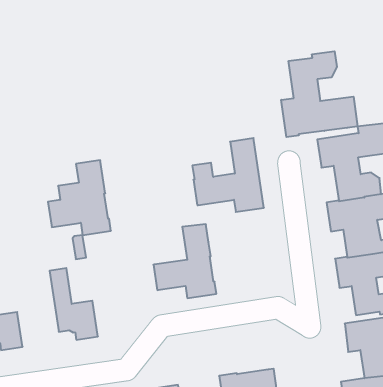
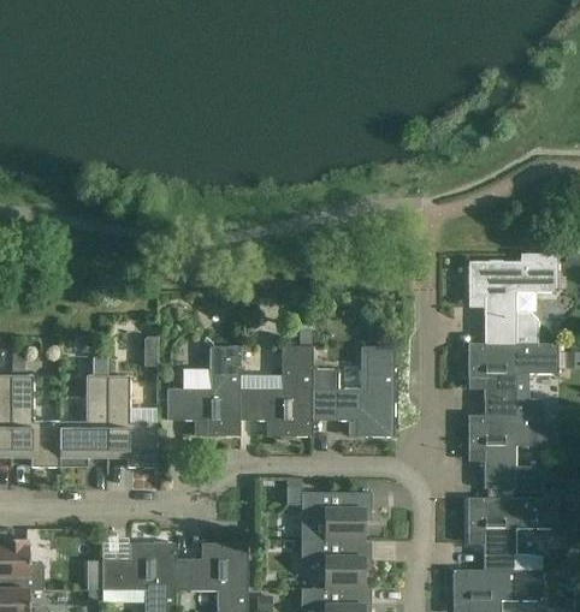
building: [281,51,358,137] -> none
building: [192,138,264,212] -> [310,347,393,436]
building: [48,160,111,235] -> [166,346,239,436]
building: none -> [59,376,107,467]
building: none -> [284,486,371,541]

